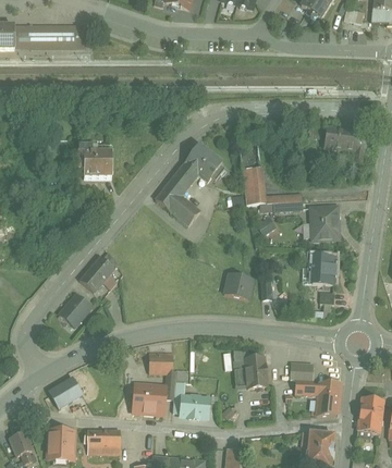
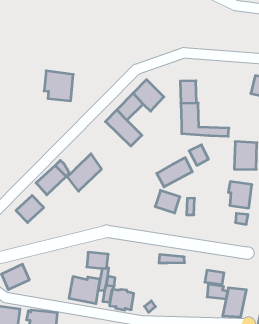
building: none -> [157,158,192,187]
building: none -> [67,154,101,191]
building: [245,356,267,387] -> none

